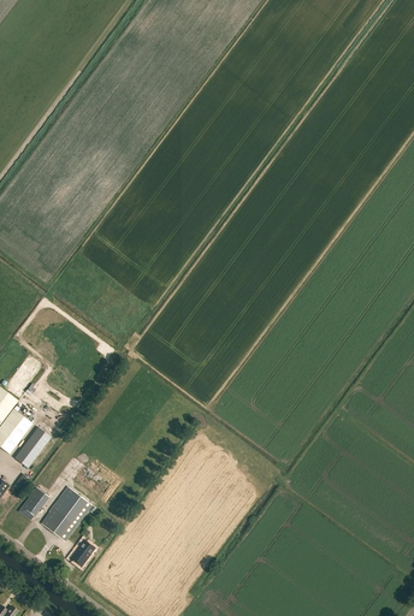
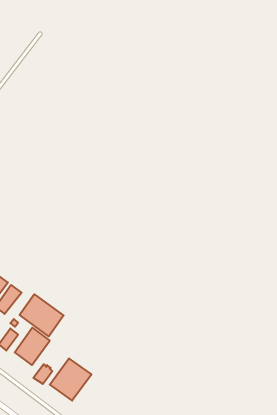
building: none -> [20,294,64,336]
building: none -> [50,358,91,401]

